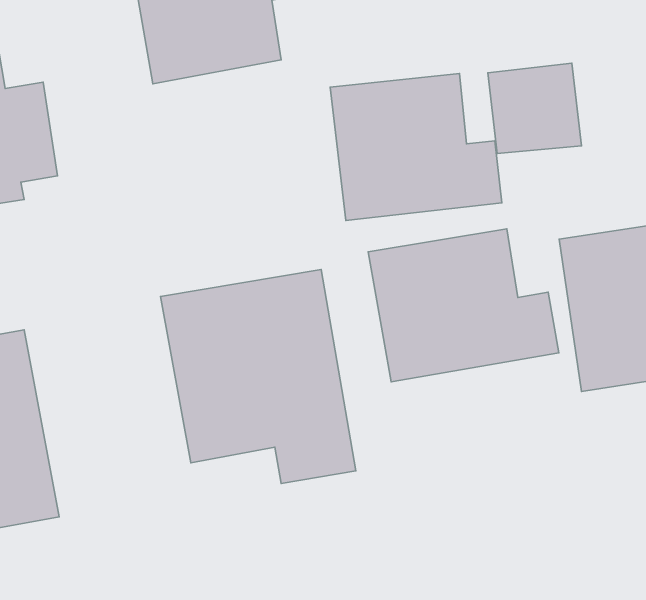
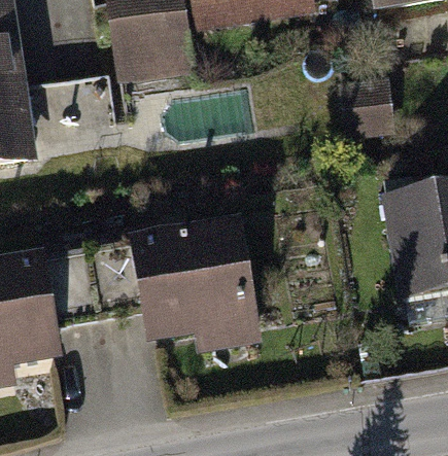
building: [330,74,502,221] -> none
building: [368,229,559,382] -> none

